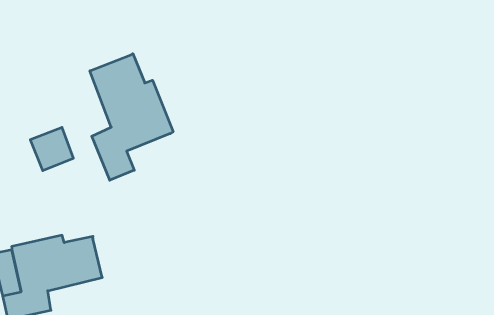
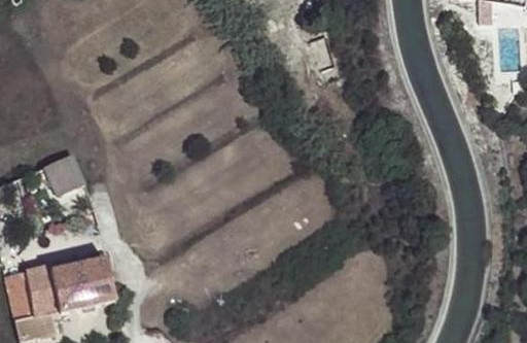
building: [90,54,173,180] -> none

